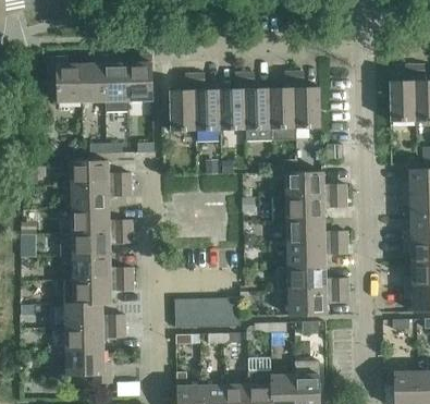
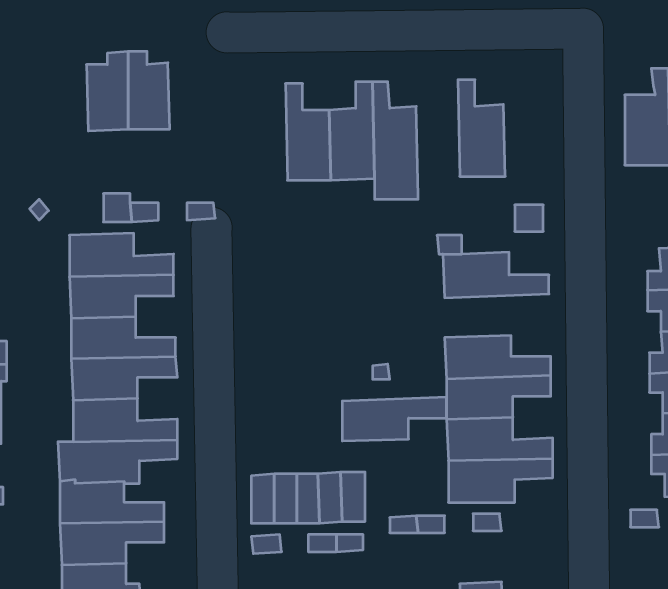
building: [127,54,153,100] -> none
building: [47,57,82,101] -> none
building: [270,72,296,138] -> none
building: [170,74,196,131] -> none
building: [286,195,346,220] -> [342,397,447,441]

